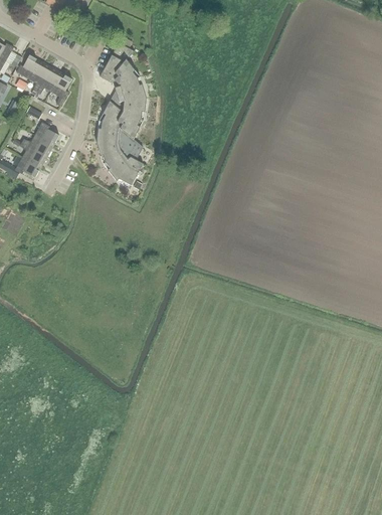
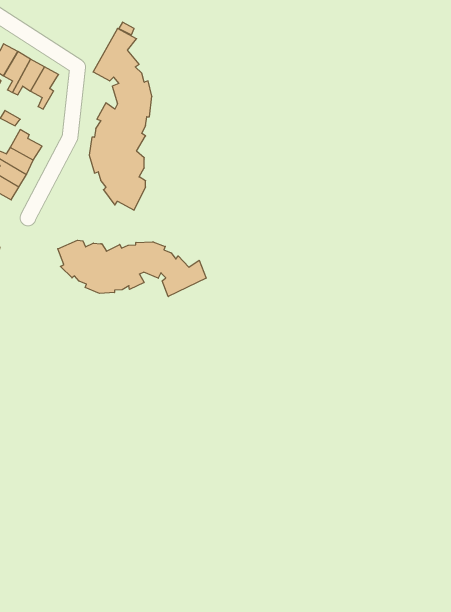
building: none -> [58,240,206,297]

